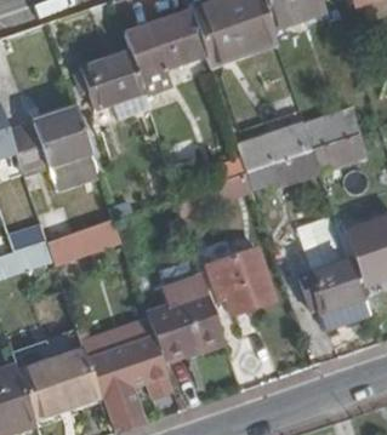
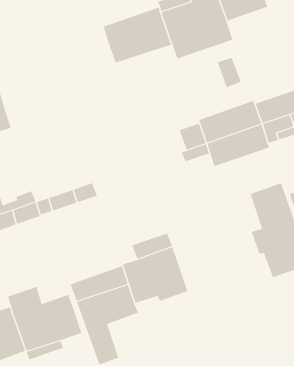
building: [79,52,150,121] -> none
building: [10,111,99,194] -> none
building: [207,246,274,313] -> none

